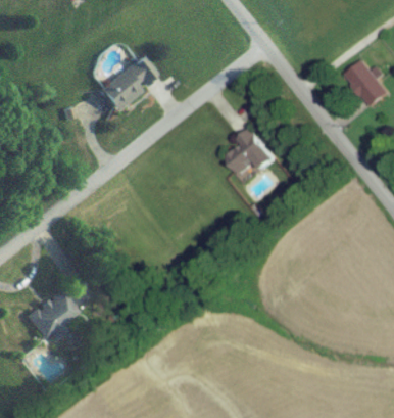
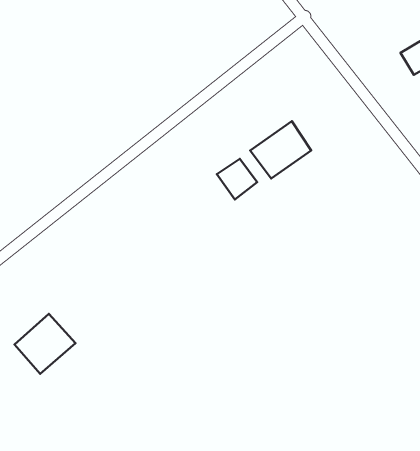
building: [97,62,151,110] -> none
building: none -> [217,159,257,199]

